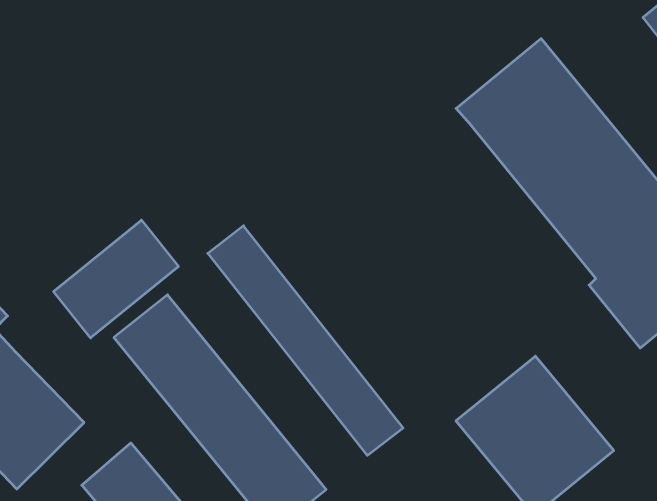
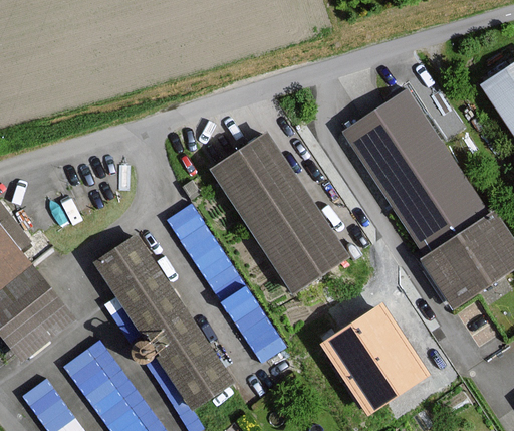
building: none -> [206,130,349,293]
building: [54,220,178,338] -> none

